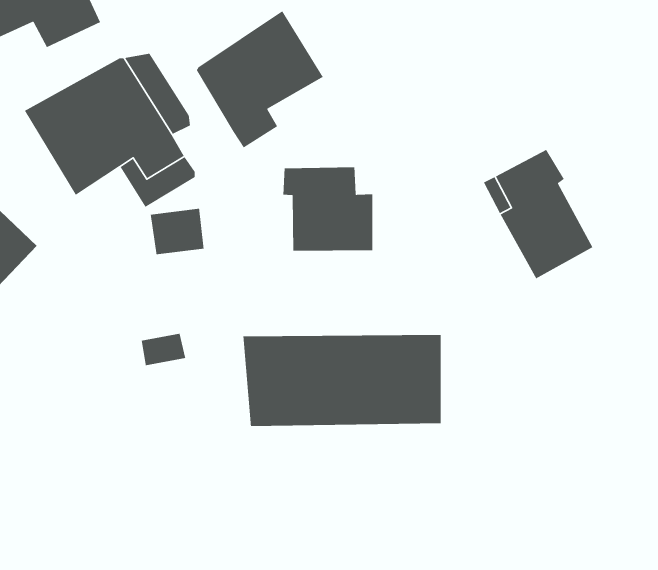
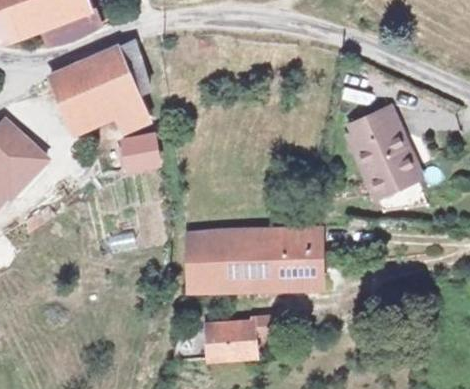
building: [196,10,324,148] -> none
building: [283,167,373,251] -> none
building: none -> [198,312,274,359]

